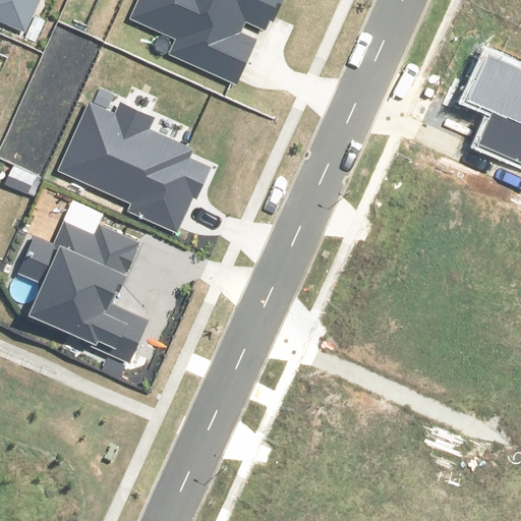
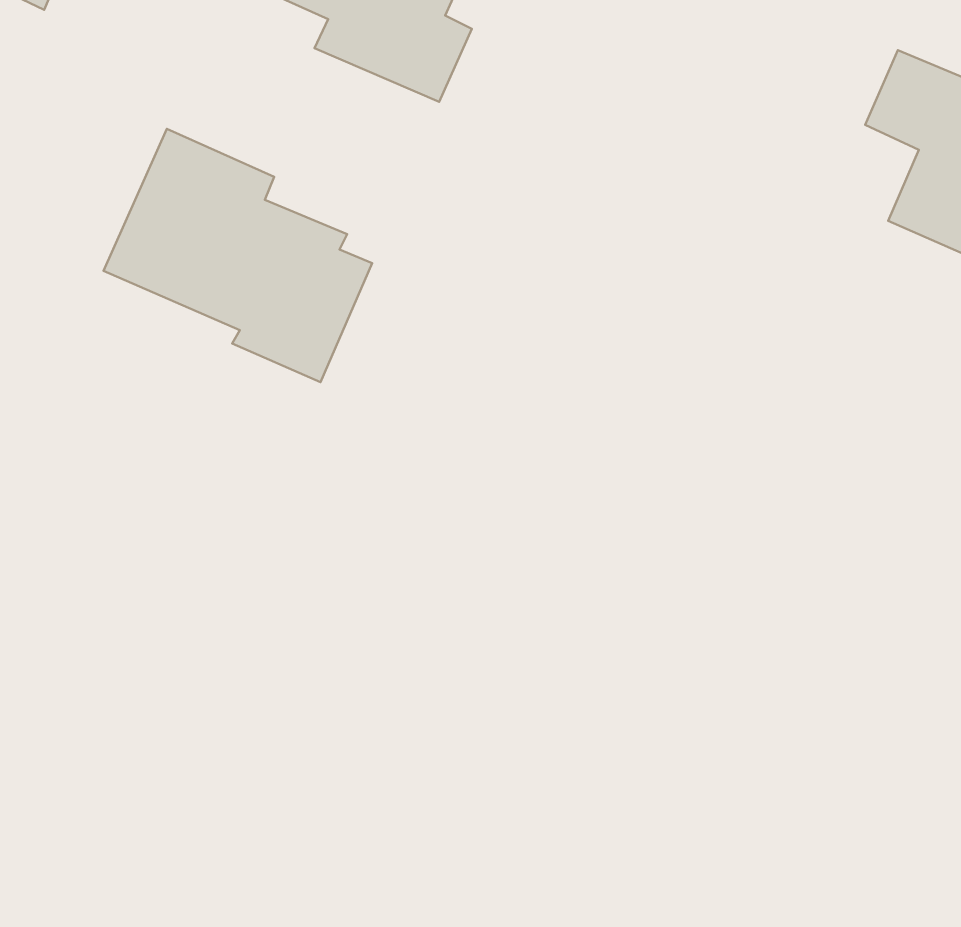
building: [21,223,144,359] -> none

